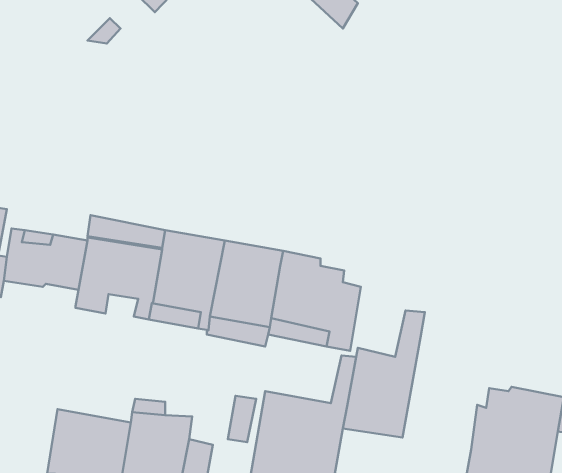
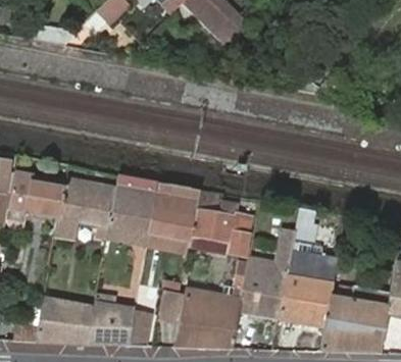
building: none -> [280,211,338,327]

